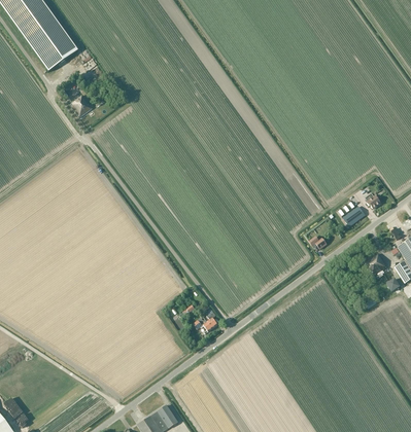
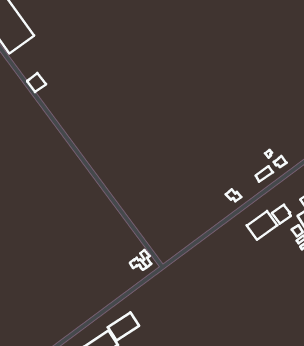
building: none -> [247,211,277,240]
building: none -> [108,312,139,341]

